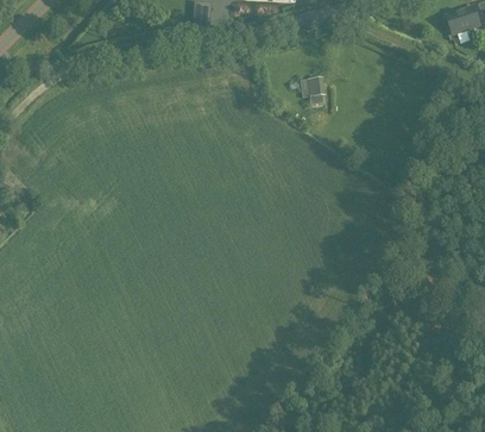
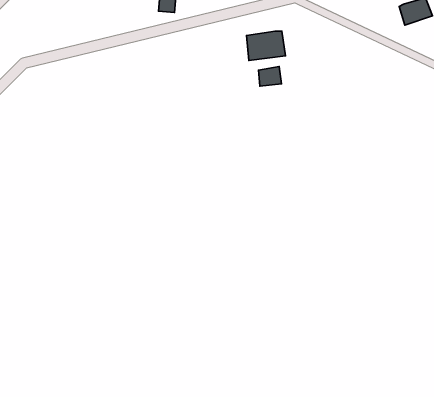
building: none -> [247,31,285,61]

